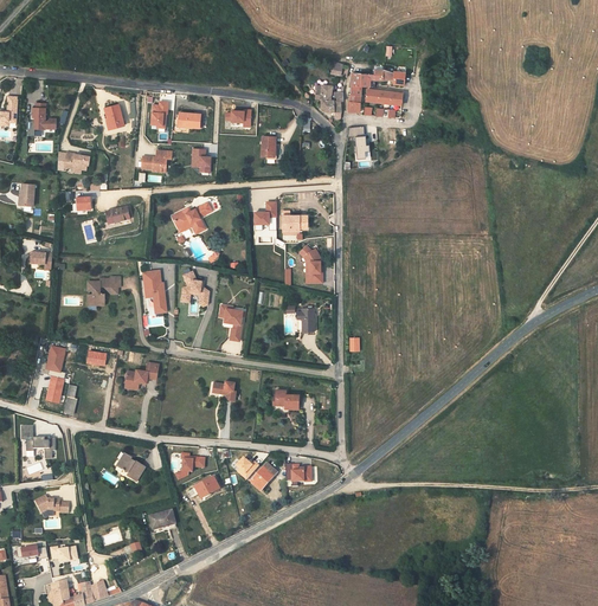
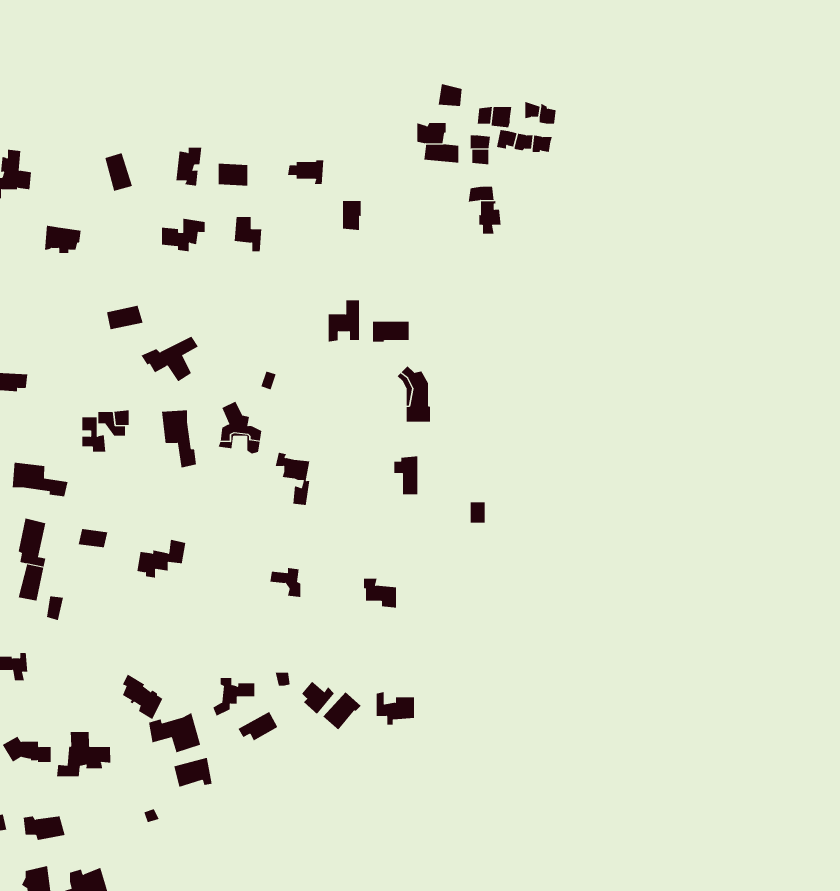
building: [172,202,211,233] -> [140,336,199,382]
building: none -> [12,462,68,497]
building: none -> [148,712,201,753]
building: none -> [57,731,111,777]

